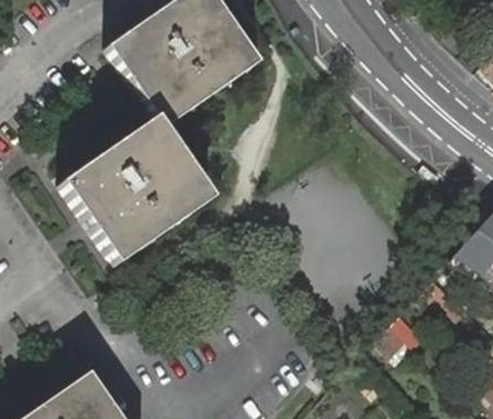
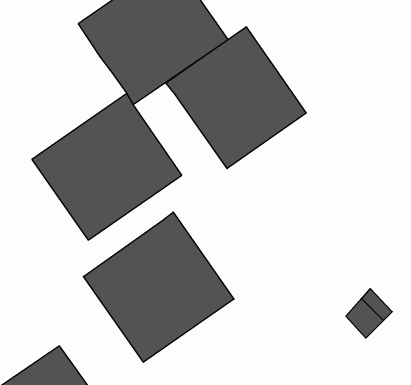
building: none -> [166,27,306,169]
building: none -> [83,212,234,362]

